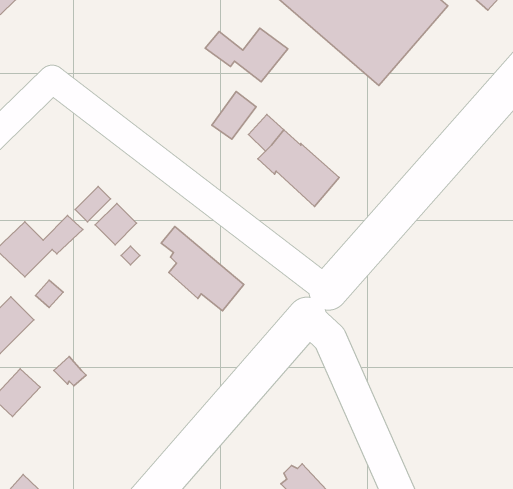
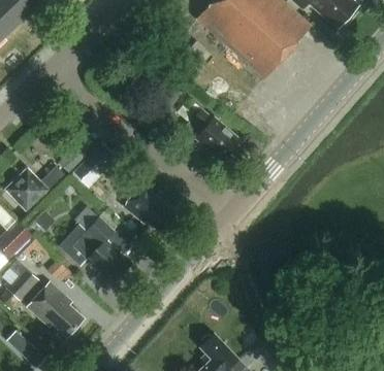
building: [205,28,288,82] -> none
building: none -> [59,209,131,282]
building: none -> [26,281,83,337]

